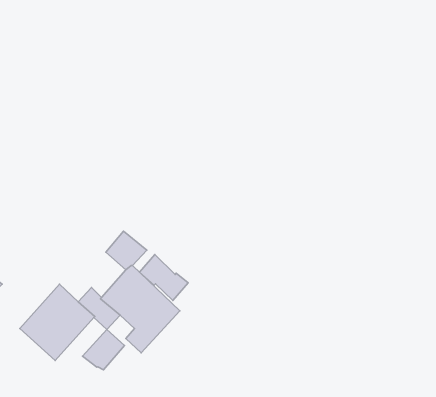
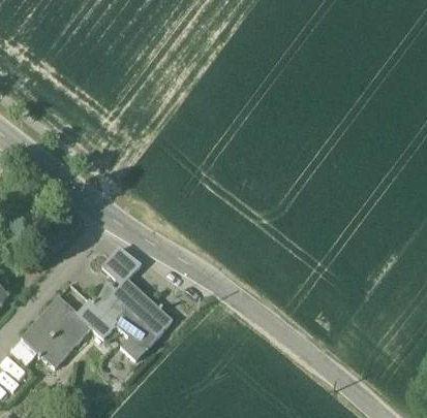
building: [139,255,188,300] -> none
building: [82,330,124,370] -> none

